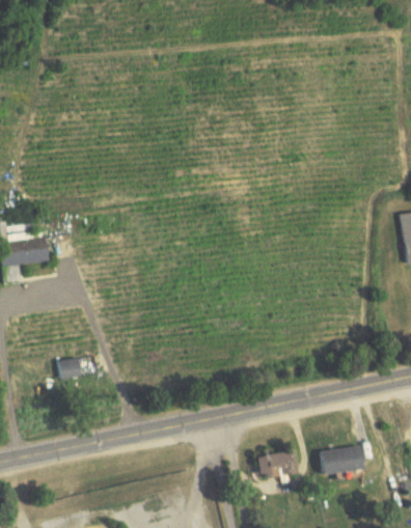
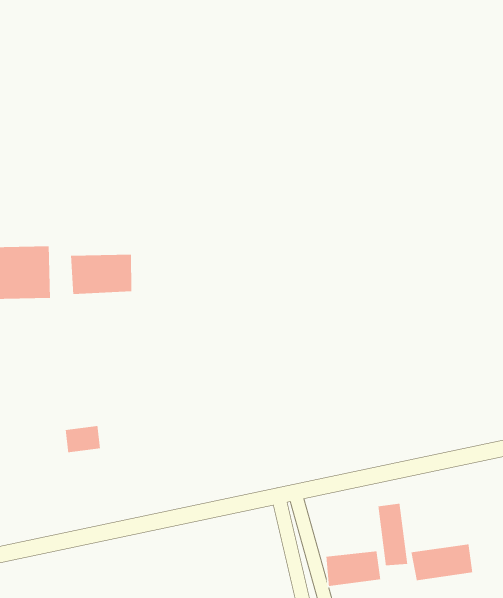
building: none -> [70,254,132,295]
building: none -> [378,503,408,566]

